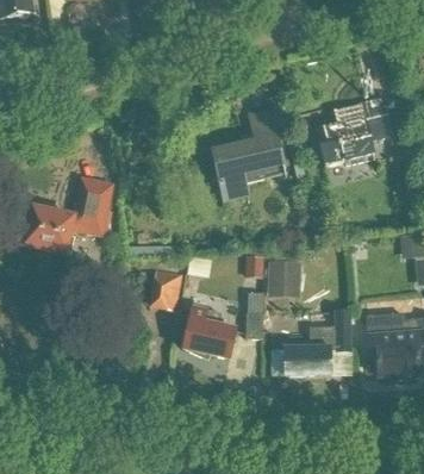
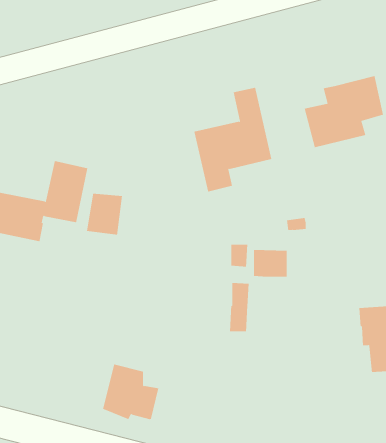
building: [148,268,182,307] -> [86,193,123,235]
building: [182,305,236,357] -> [102,364,159,420]
building: [270,310,350,378] -> none

